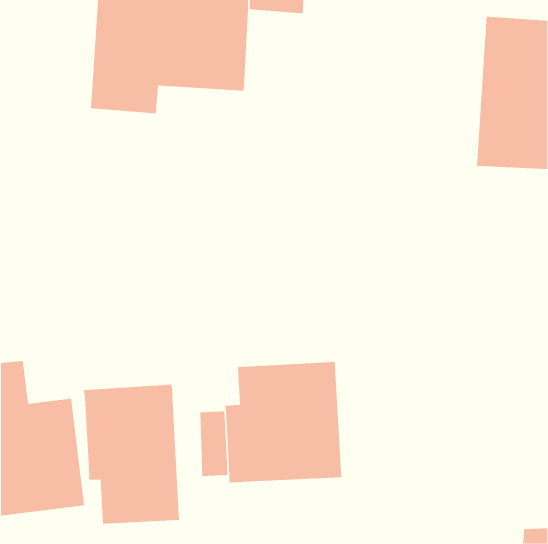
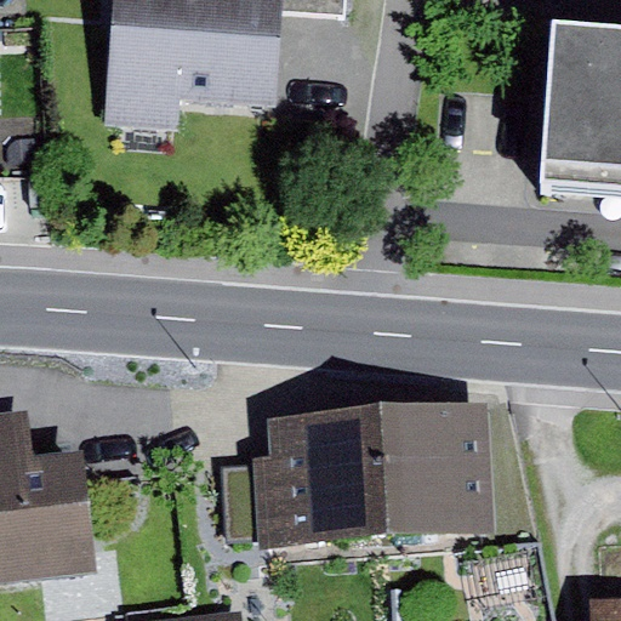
building: none -> [380,403,495,540]
building: [84,384,180,525] -> none

